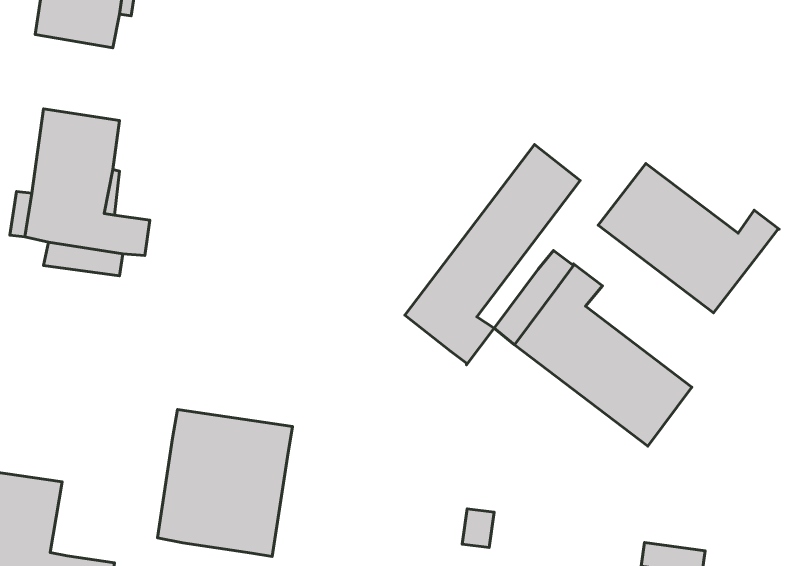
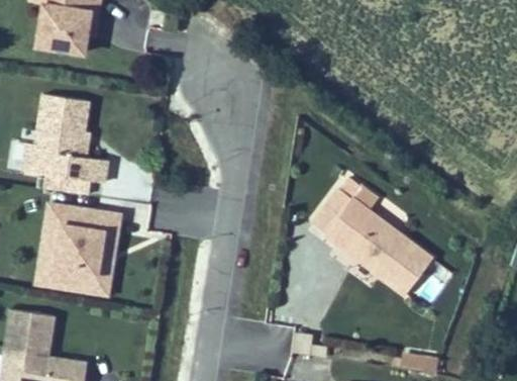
building: [405,144,580,365] -> none
building: [598,163,779,313] -> none
building: [157,410,292,556] -> [39,205,120,293]

